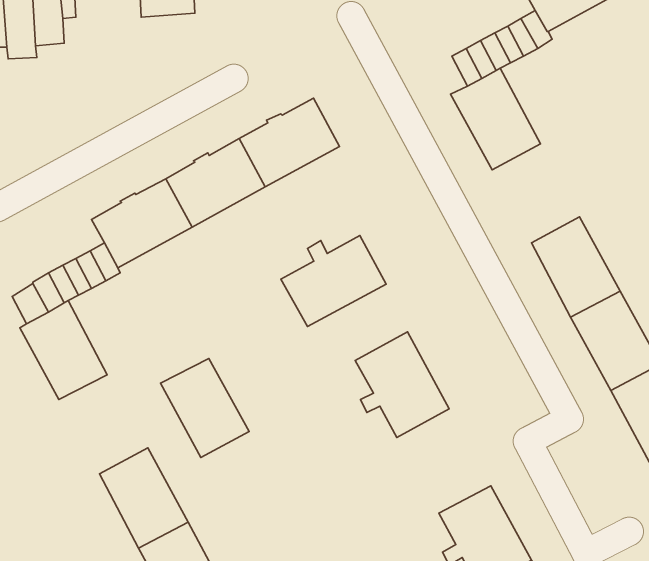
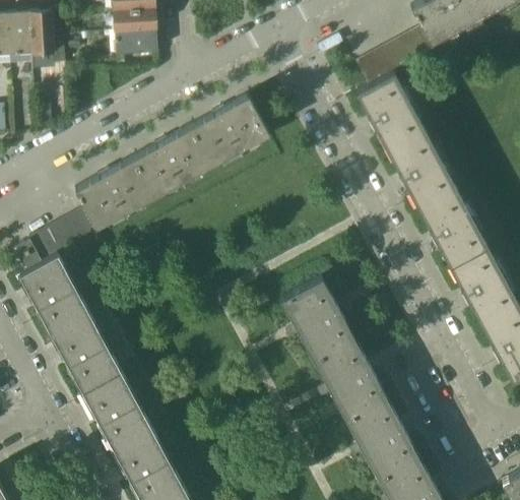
building: none -> [114,28,157,54]
building: none -> [387,130,455,207]
building: [281,235,386,327] -> none
building: [160,358,249,458] -> [50,310,119,387]
building: none -> [313,336,386,418]

